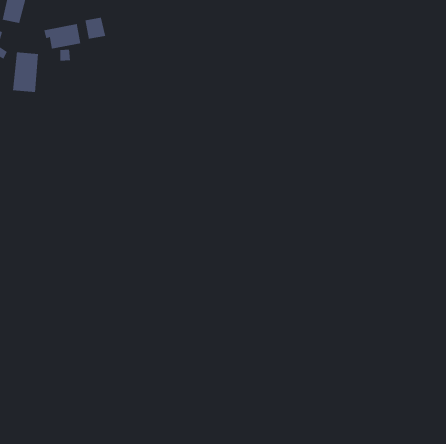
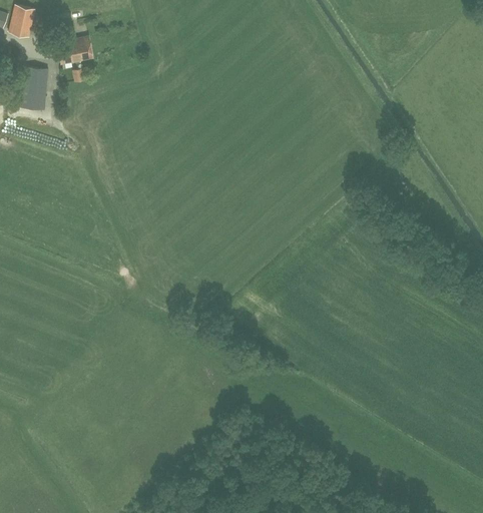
building: [85,17,106,40] -> none

